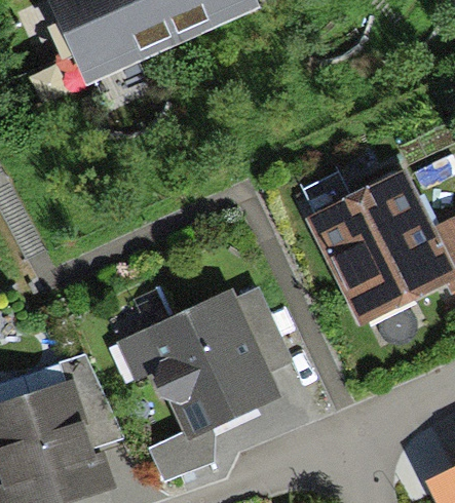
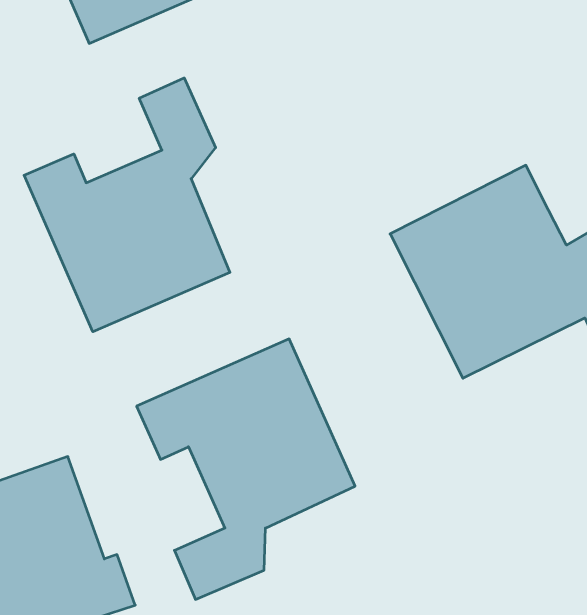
building: none -> [24,78,230,332]

